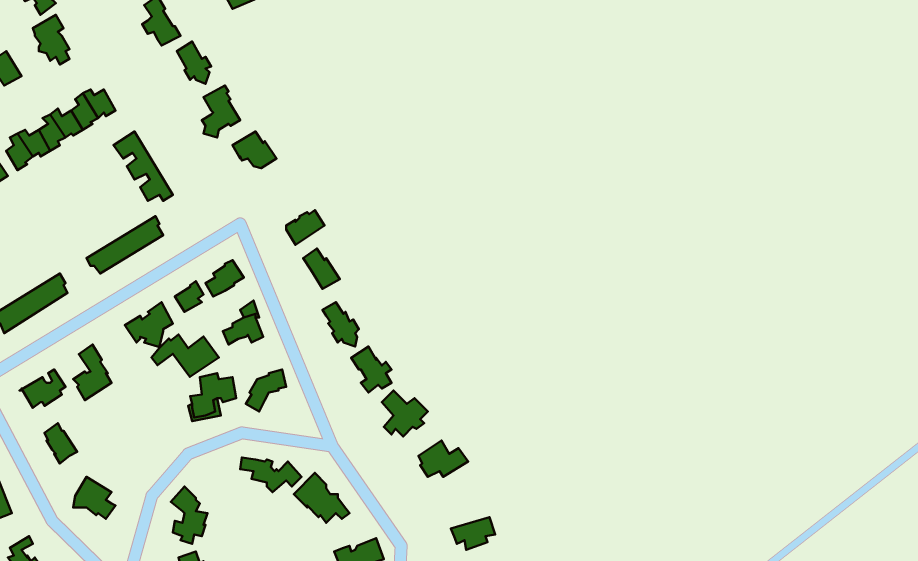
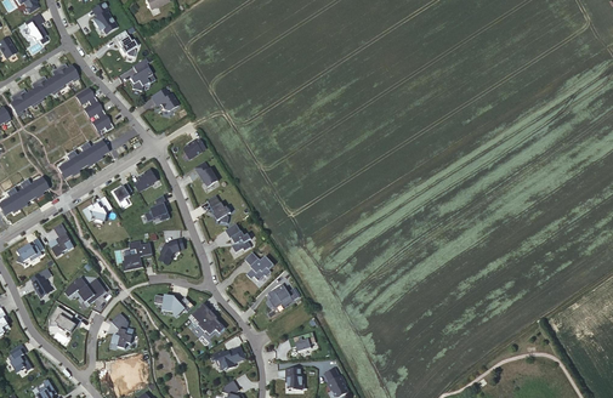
building: [152,335,219,377] -> [63,277,106,303]

